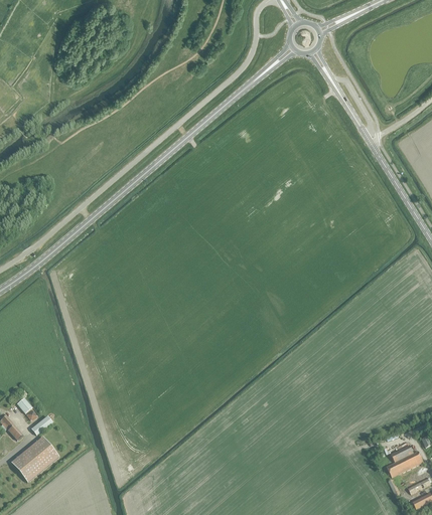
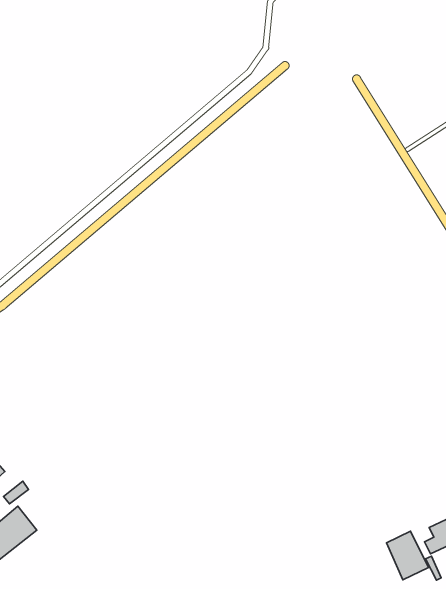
building: none -> [387,531,428,580]

